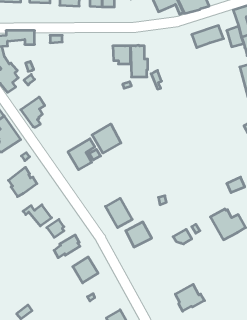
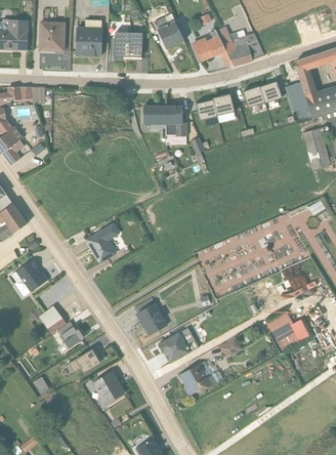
building: none -> [196,94,234,119]
building: [21,97,45,127] -> none
building: [92,124,121,153] -> none
building: [175,284,205,311] -> [179,361,216,395]

